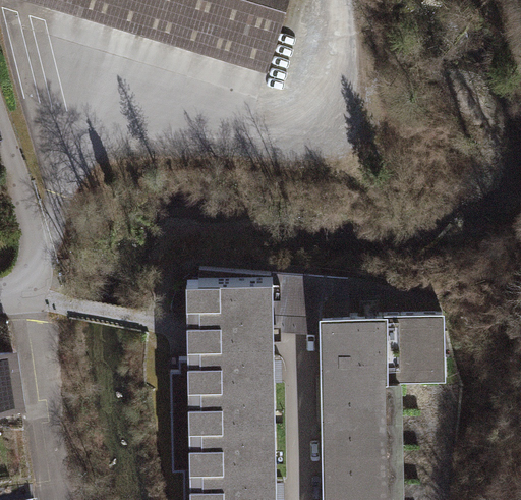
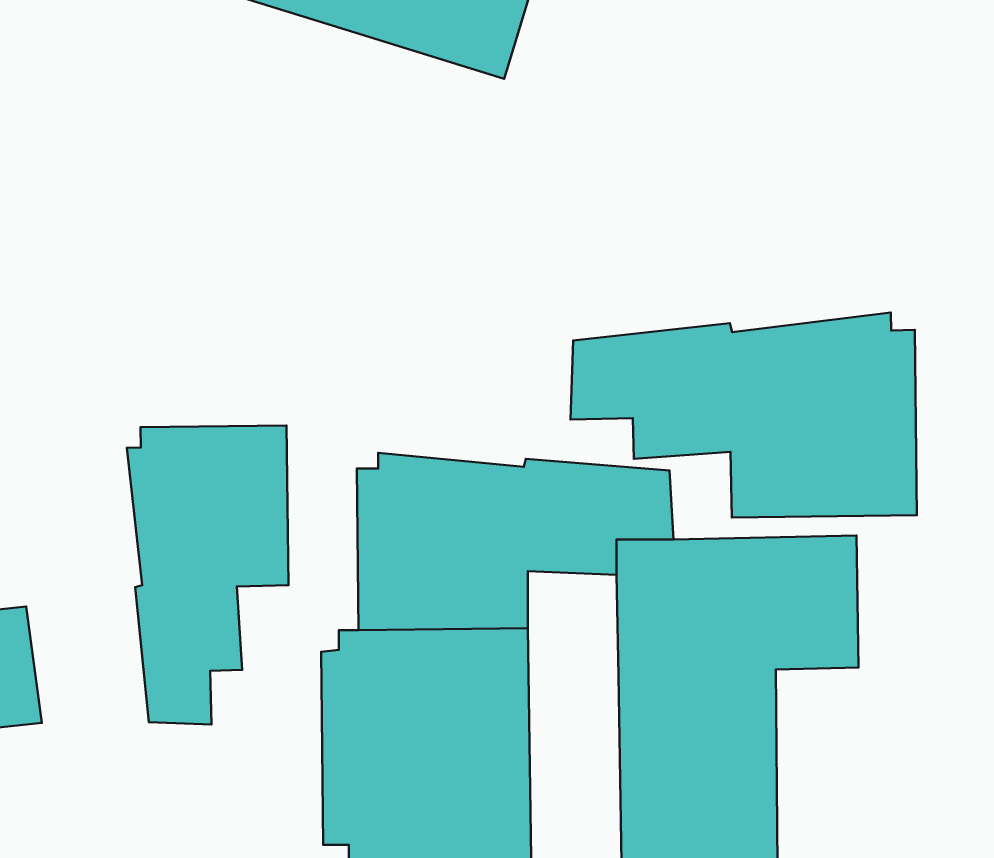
building: none -> [571,312,917,517]
building: none -> [127,426,288,725]

